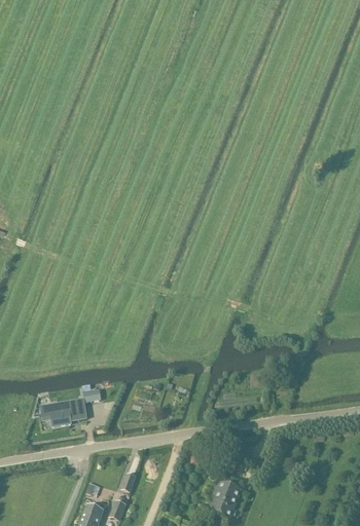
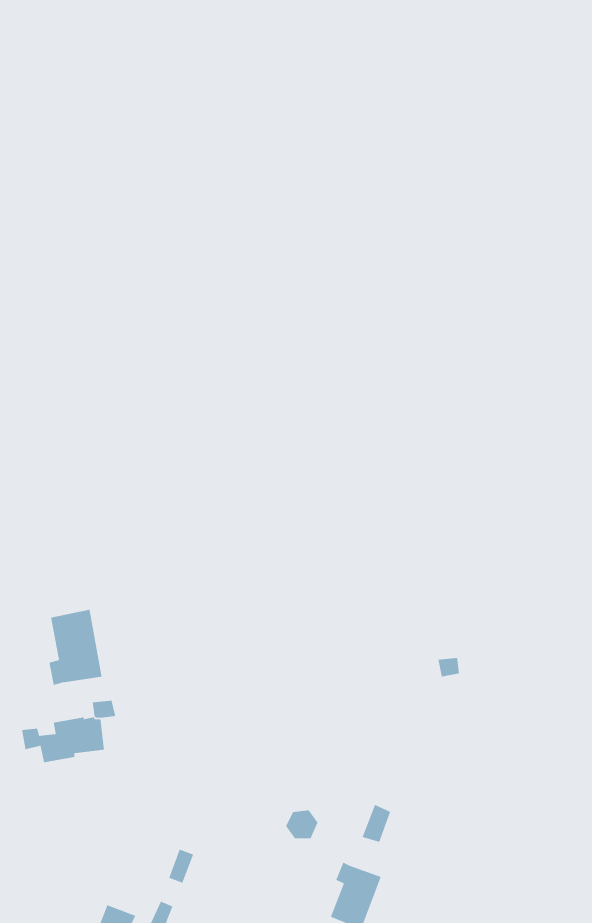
building: none -> [49,609,102,686]

